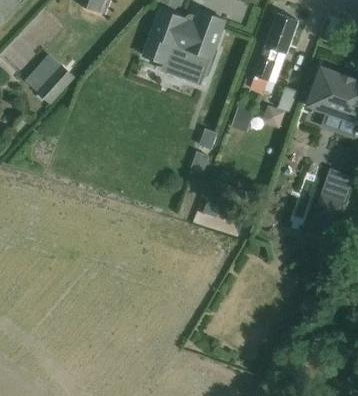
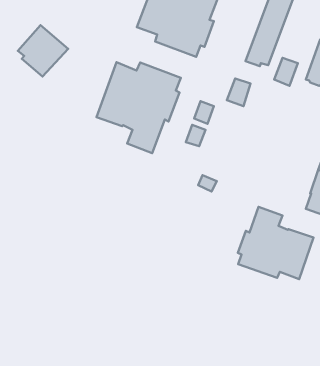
building: none -> [96,62,181,153]
building: none -> [238,207,313,279]

